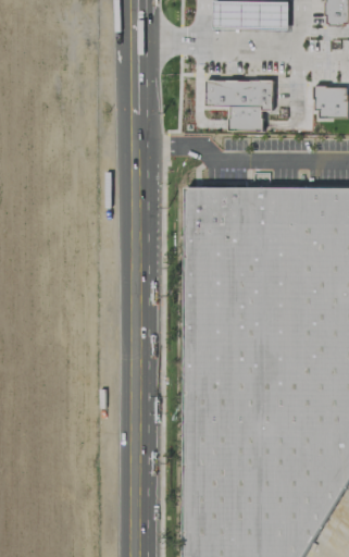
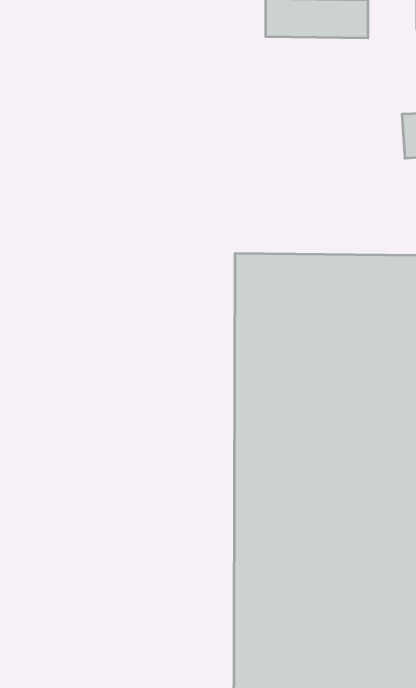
building: [202,78,270,129] -> none

